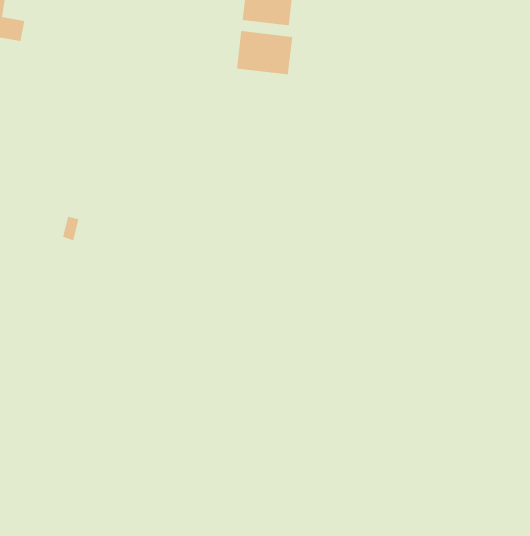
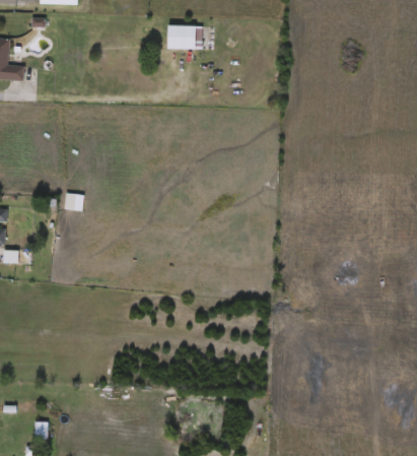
building: [236,30,293,75] -> none

